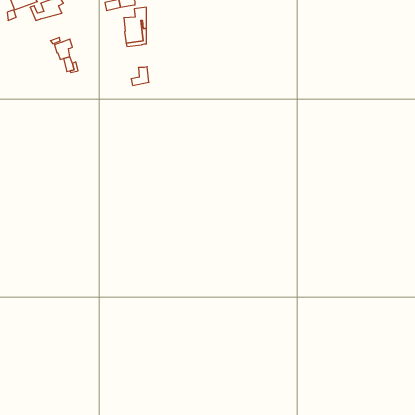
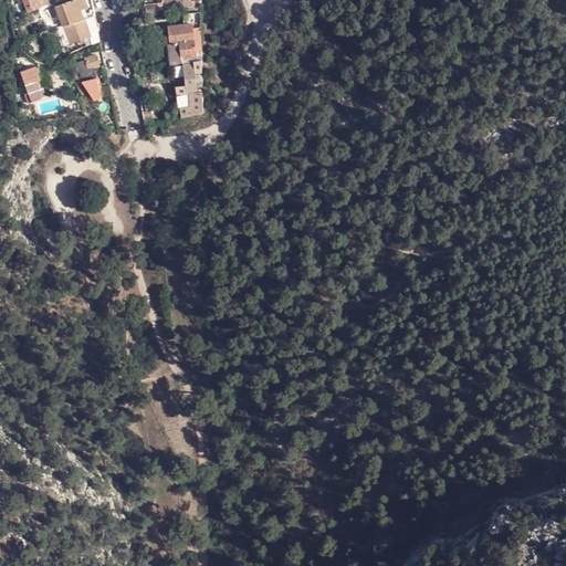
building: none -> [55,18,91,45]
building: none -> [175,60,200,93]
building: none -> [14,65,44,101]

